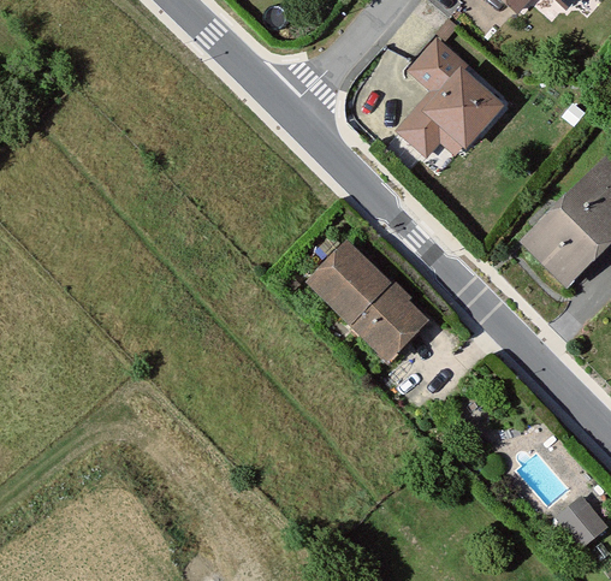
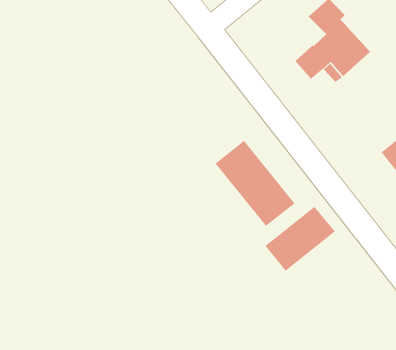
building: none -> [264,206,336,272]

